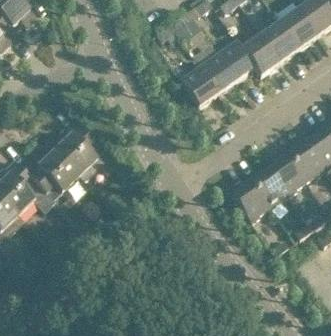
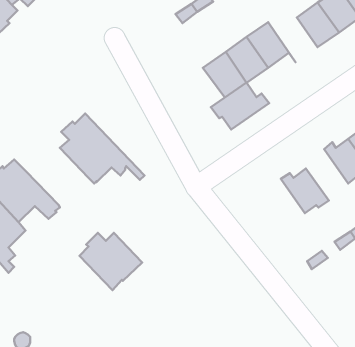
building: [242,36,279,75] -> none
building: none -> [211,83,269,130]
building: [24,150,79,200] -> [79,233,142,290]
building: [269,151,306,196] -> none
building: [231,177,268,222] -> none

